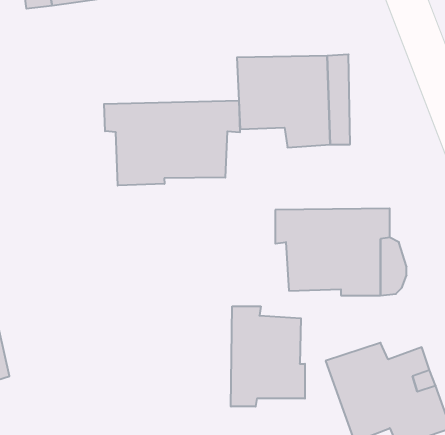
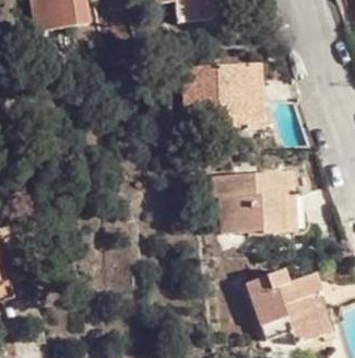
building: [104,101,240,186] -> none
building: [231,306,305,407] -> none

